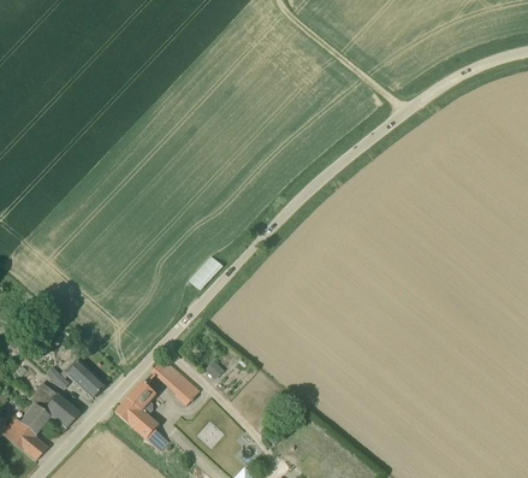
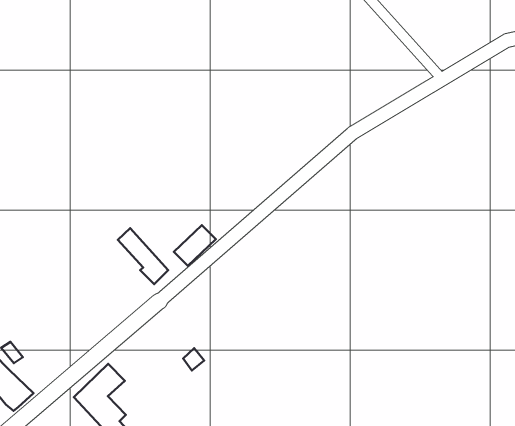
building: [152,359,197,405] -> [118,228,168,284]
building: [67,361,105,399] -> none

